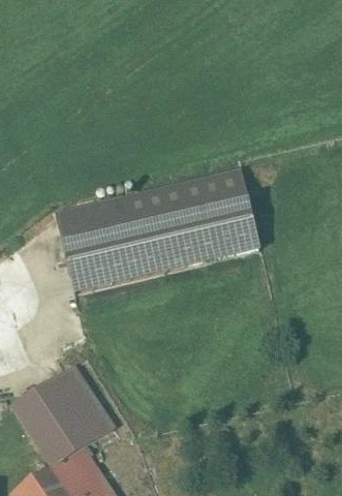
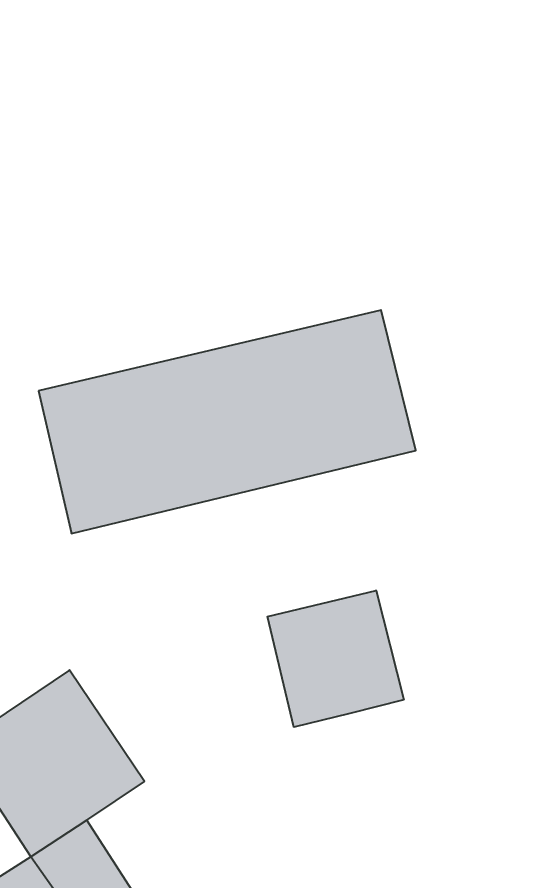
building: none -> [267,590,404,727]

